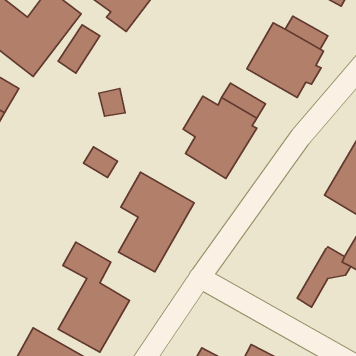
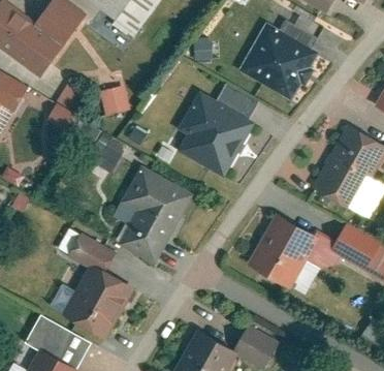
building: [58,25,100,73] -> [43,85,83,130]
building: none -> [250,217,315,285]

